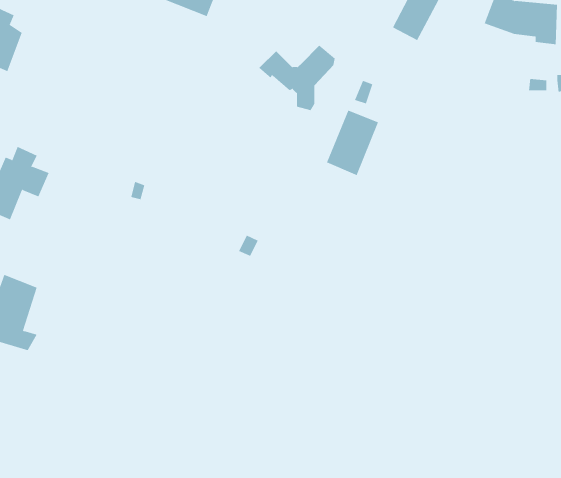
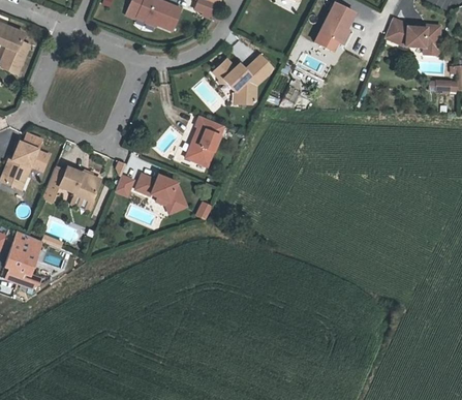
building: [326,110,379,176] -> [183,117,223,167]
building: none -> [42,164,101,202]
building: none -> [132,172,188,215]

